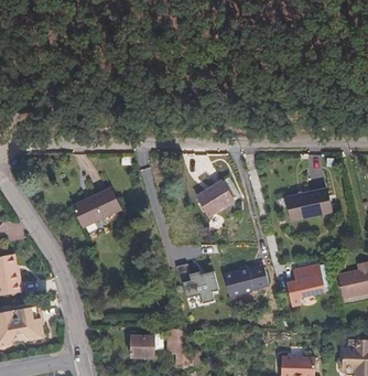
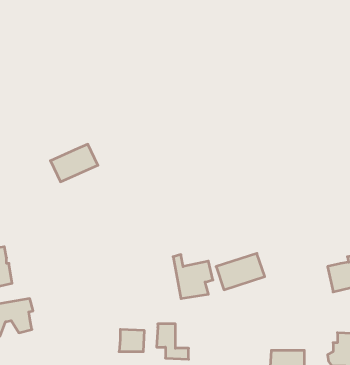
building: [196,184,232,218] -> none
building: [73,190,120,227] -> [50,144,98,182]
building: [286,190,329,221] -> none
building: [285,264,326,304] -> none

